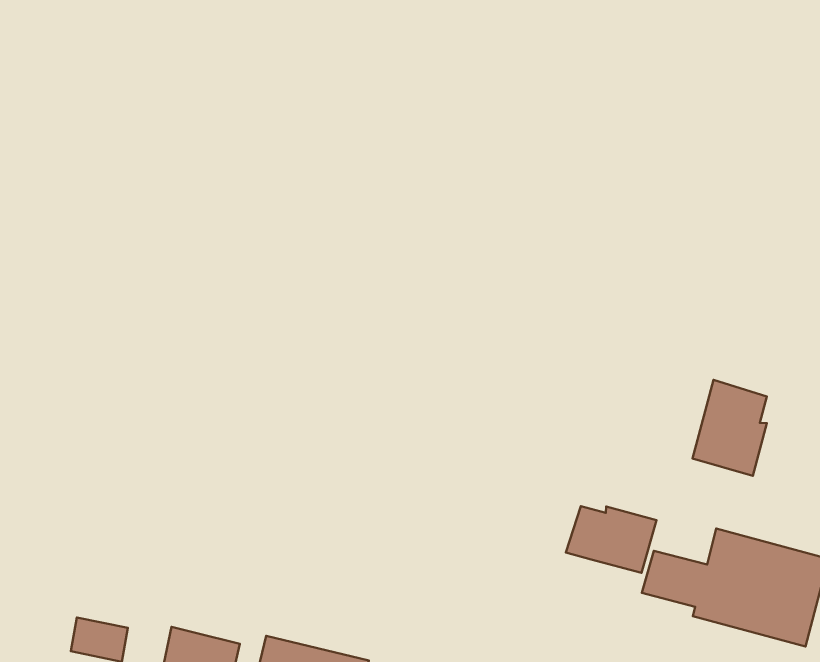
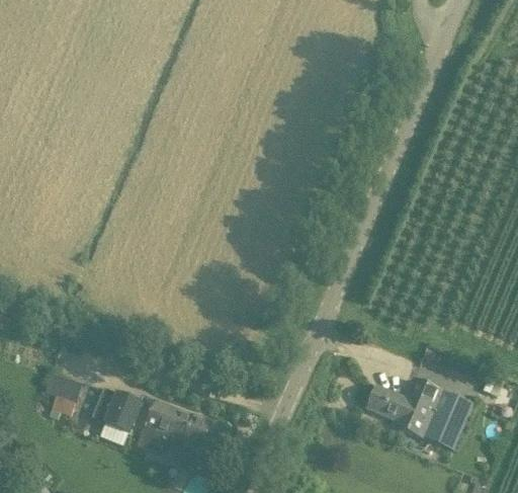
building: [692,380,767,476] -> none
building: [566,506,657,573] -> none

